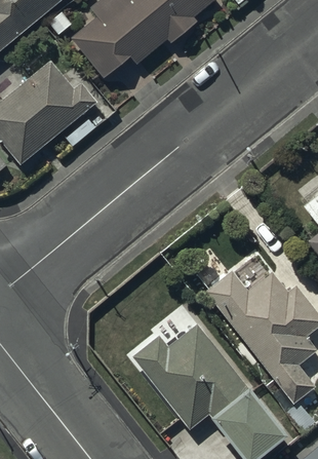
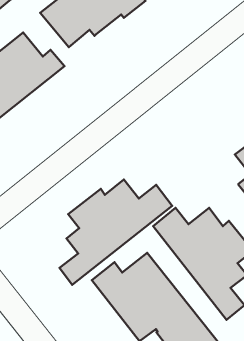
building: none -> [59,180,172,285]

